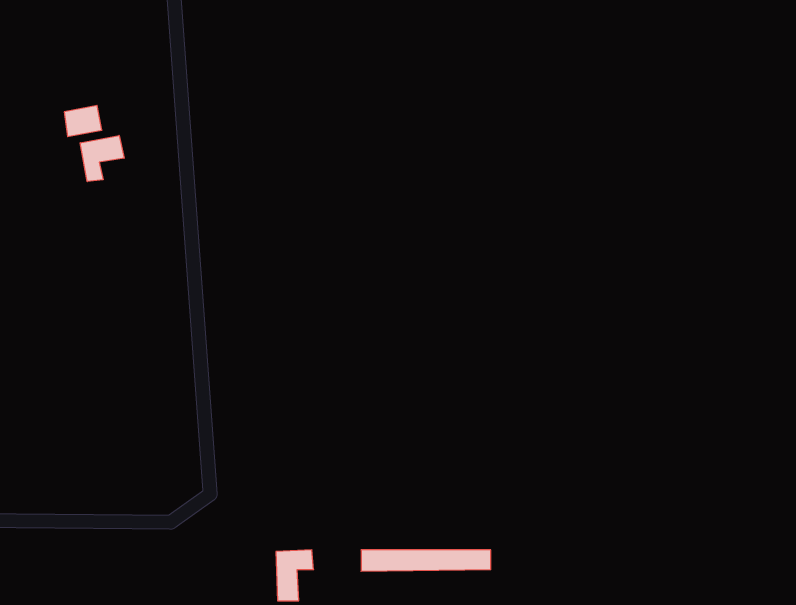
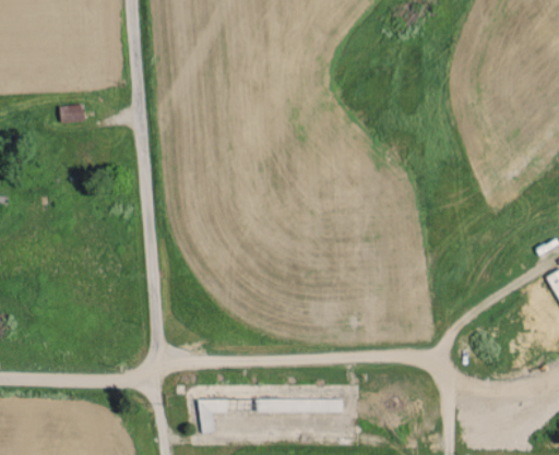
building: [80,135,124,182] -> none

